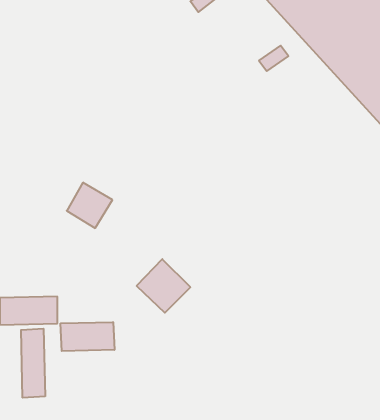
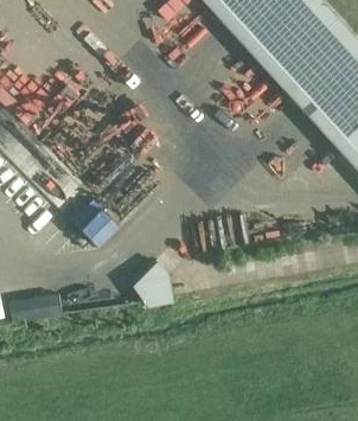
building: [61,322,114,351] -> none
building: [21,329,45,398] -> none

